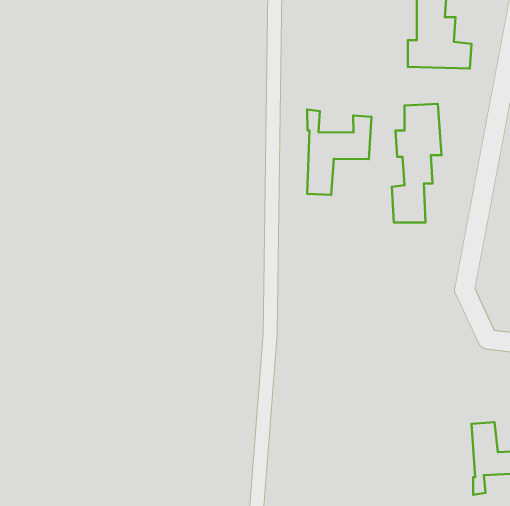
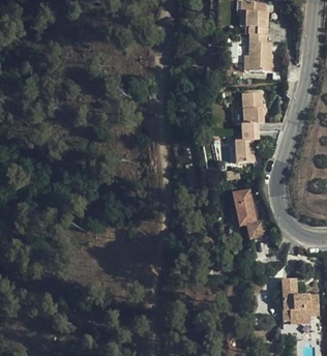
building: [307,110,371,195] -> none
building: none -> [233,188,266,237]

